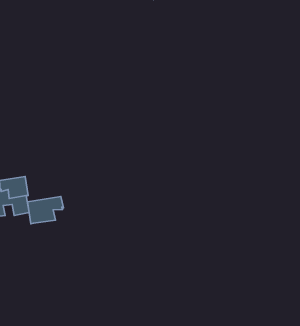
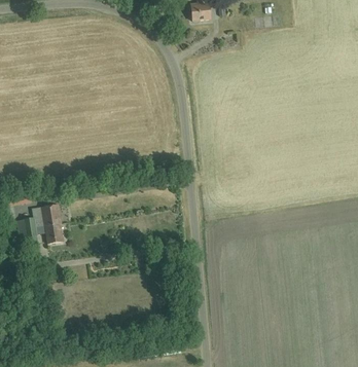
building: [27,196,63,224] -> none

